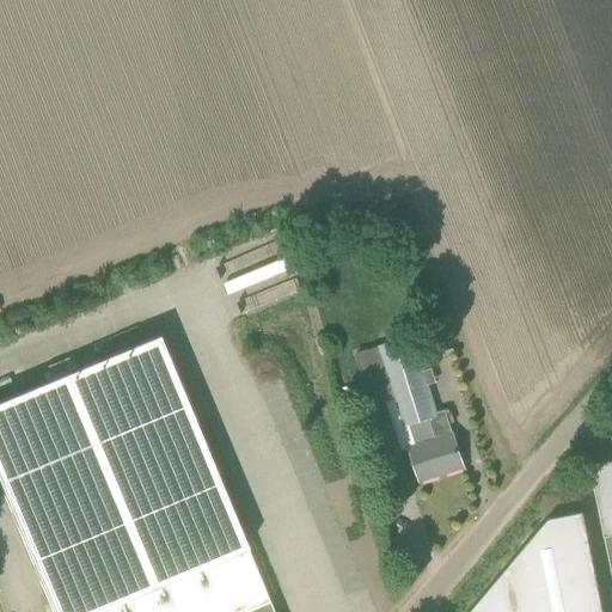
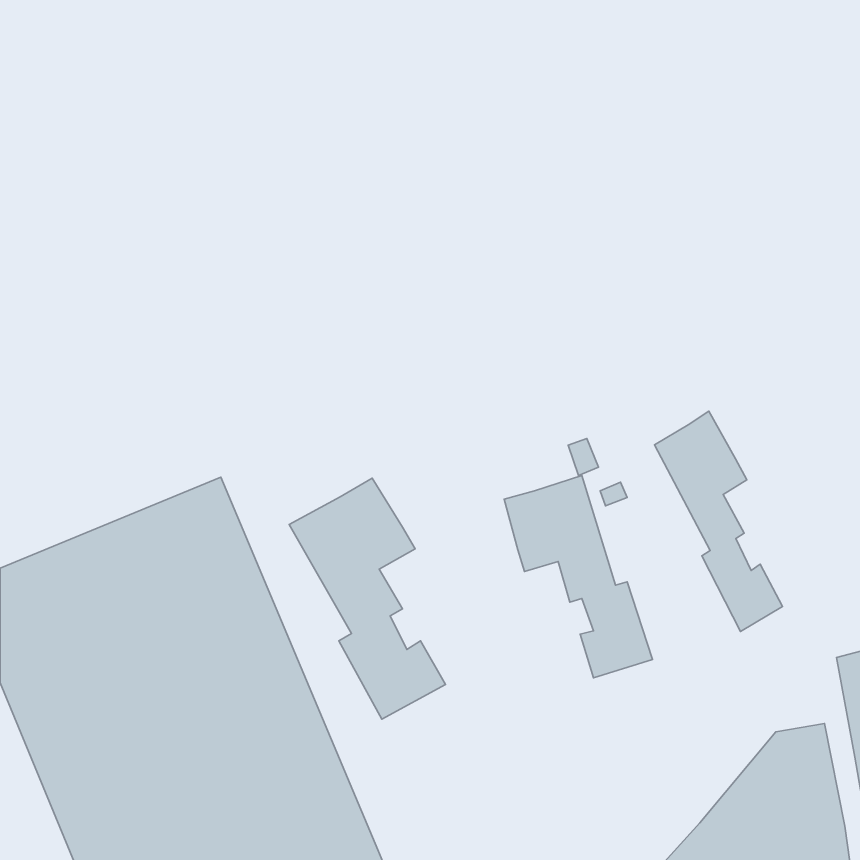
building: none -> [654,411,783,632]
building: none -> [289,478,446,719]

